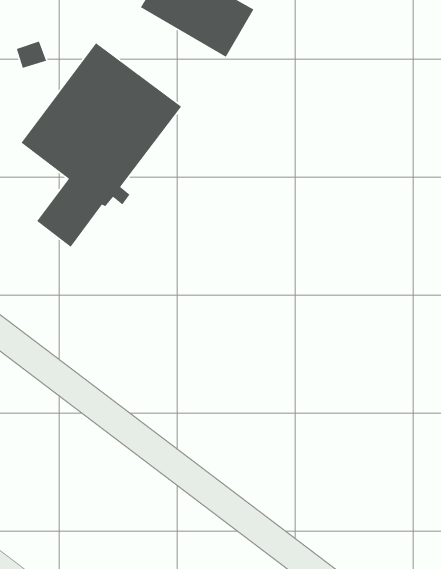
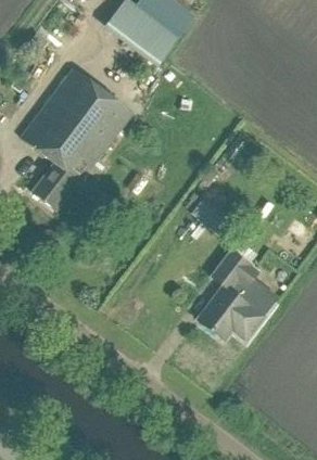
building: none -> [200,245,266,335]

